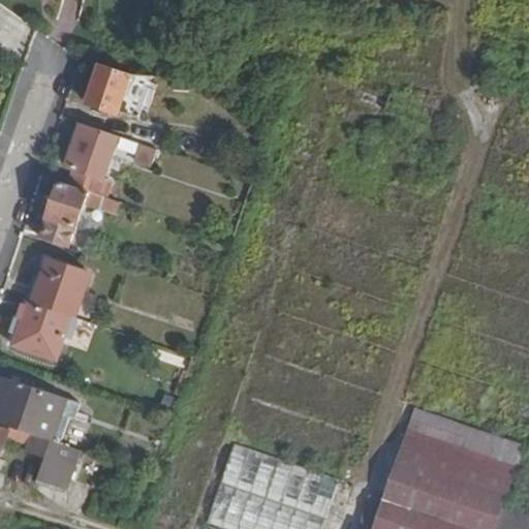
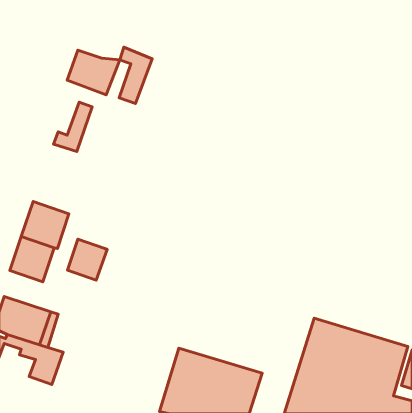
building: none -> [119,47,152,103]
building: [65,124,101,174] -> none
building: [40,182,102,247] -> none
building: none -> [67,239,107,280]

